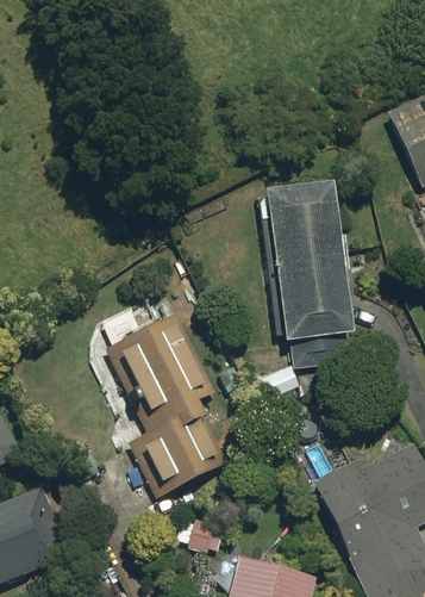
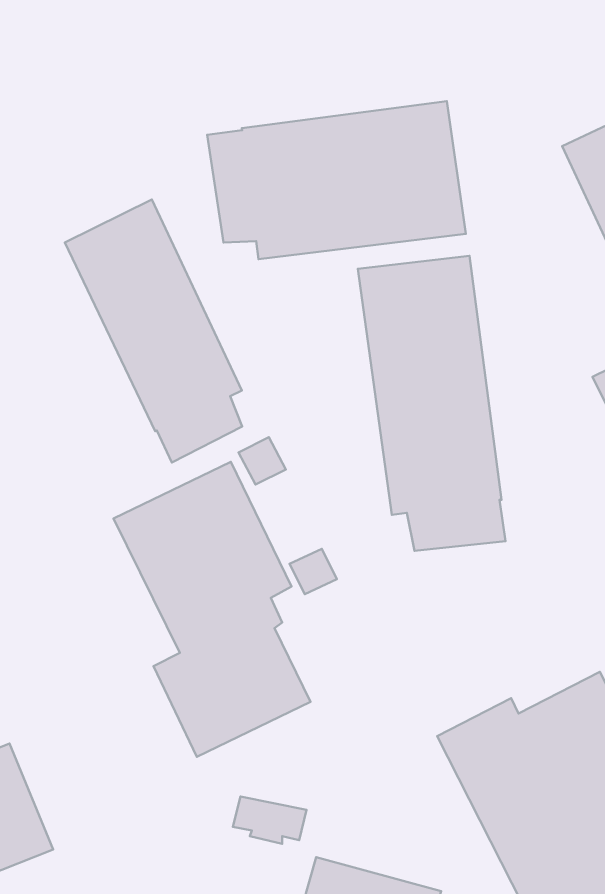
building: none -> [207,101,466,259]
building: none -> [65,200,242,463]

